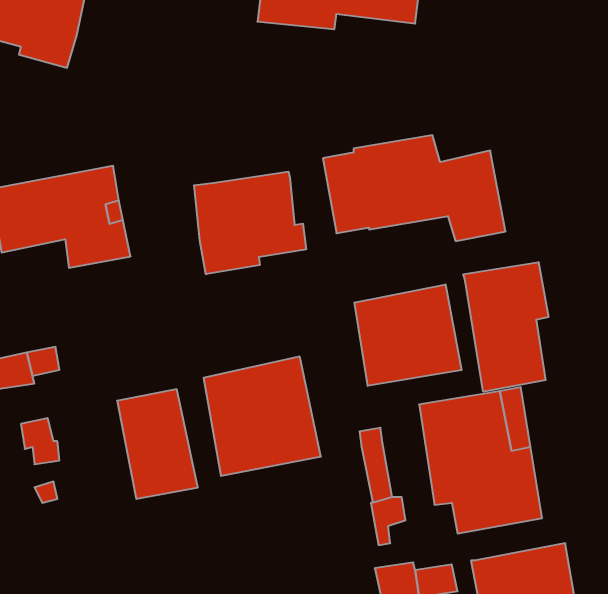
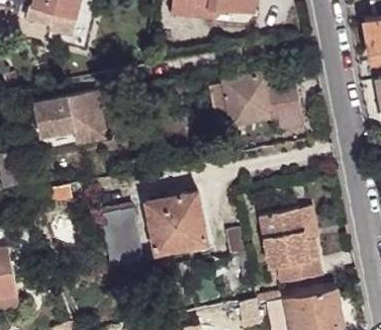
building: [194,172,306,274] -> none
building: [463,262,548,392] -> none
building: [355,284,461,386] -> none

